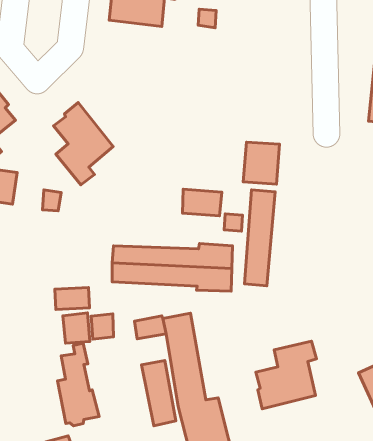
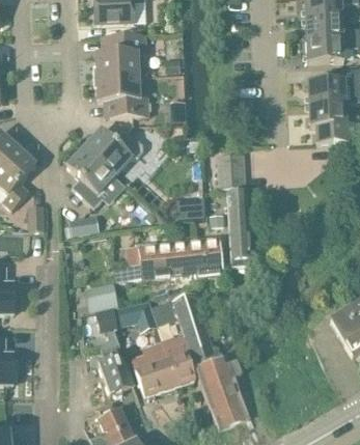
building: none -> [98,76,148,116]
building: none -> [83,128,143,174]
building: [256,341,317,409] -> none
building: none -> [131,340,178,397]

